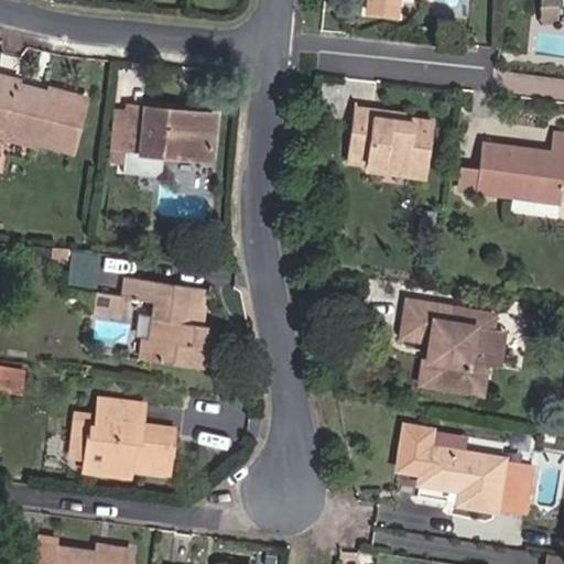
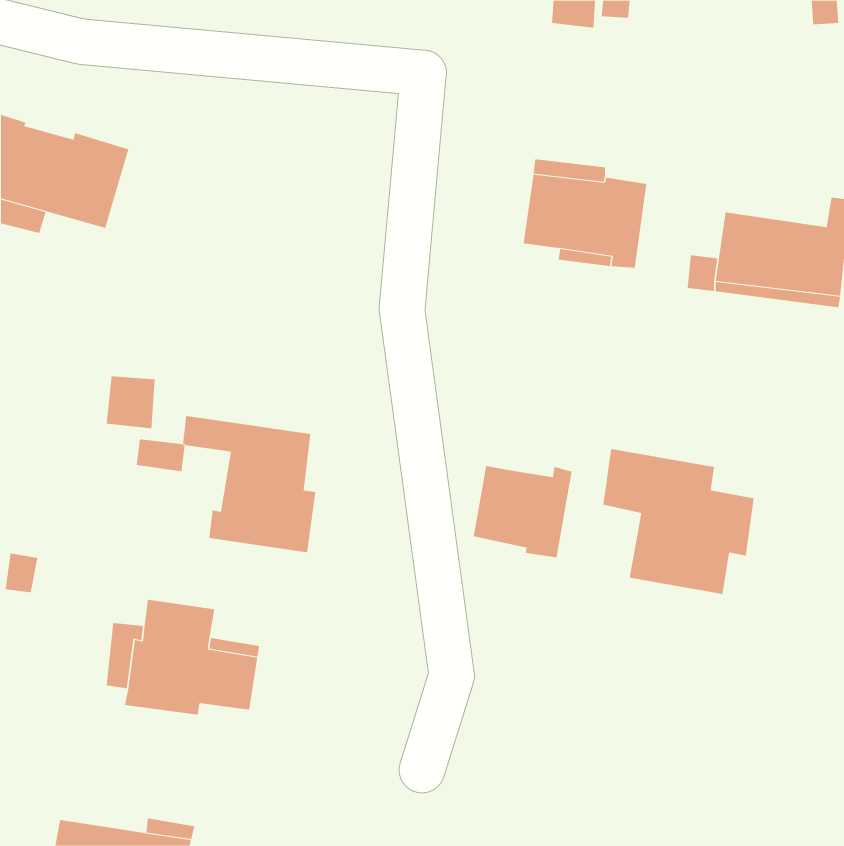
building: [121,107,213,171] -> none
building: none -> [473,465,572,558]
building: [398,424,535,516] -> none

